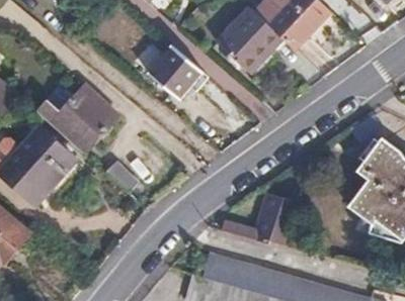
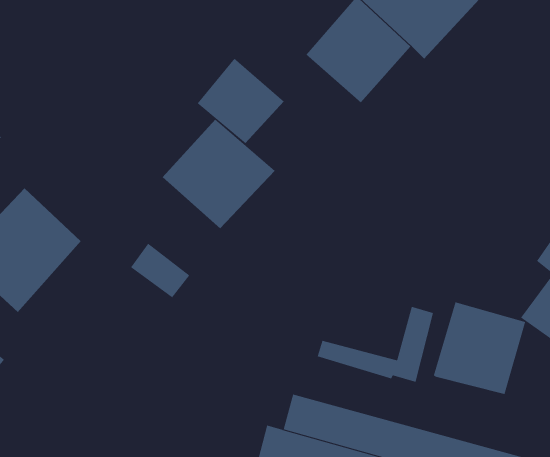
building: [48,82,118,150] -> [162,119,275,229]
building: none -> [433,301,526,395]

